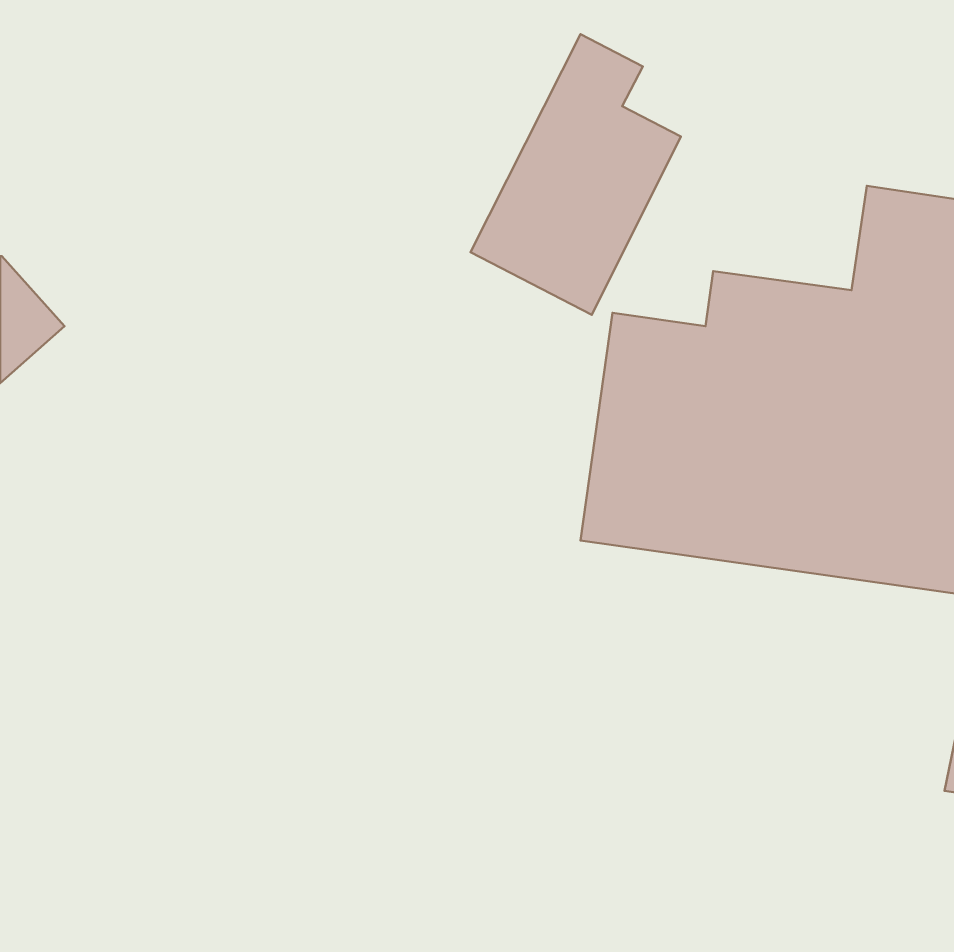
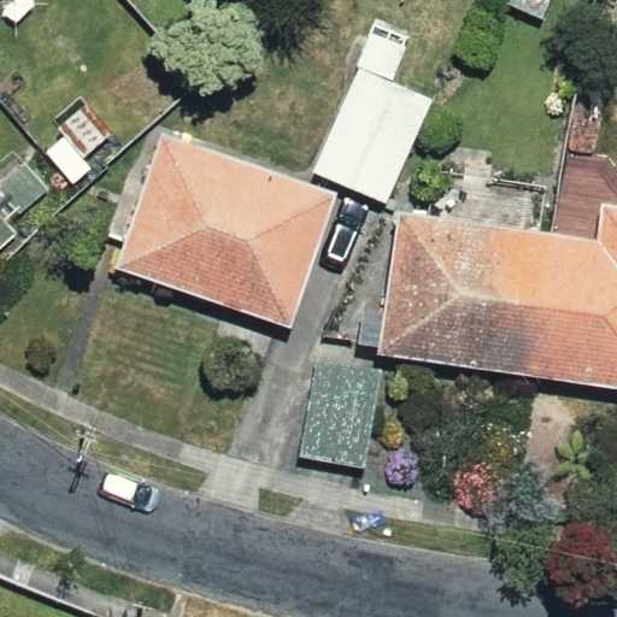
building: none -> [108,134,340,329]
building: none -> [296,363,388,475]

